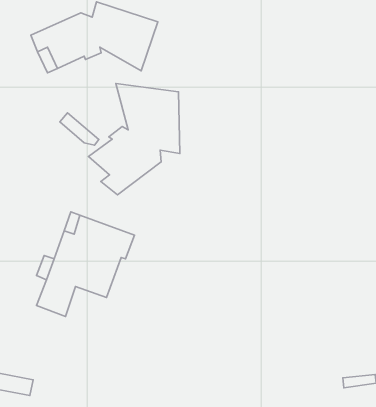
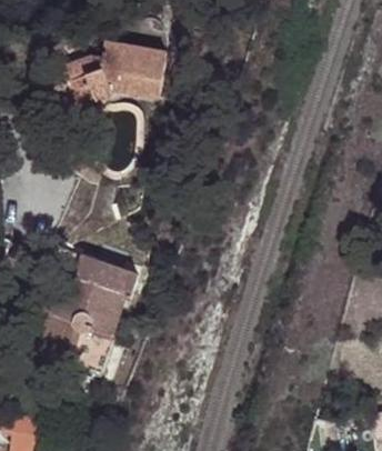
building: [89,84,180,195] -> none

